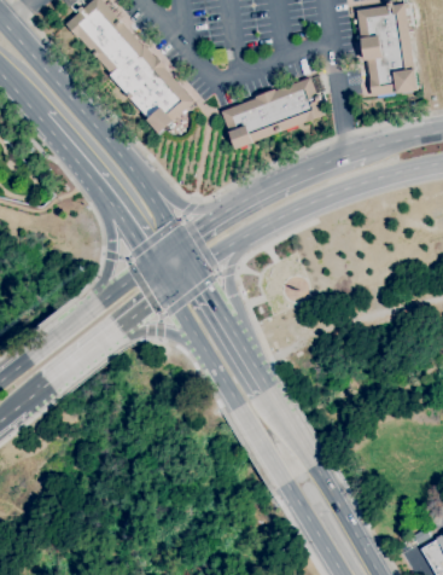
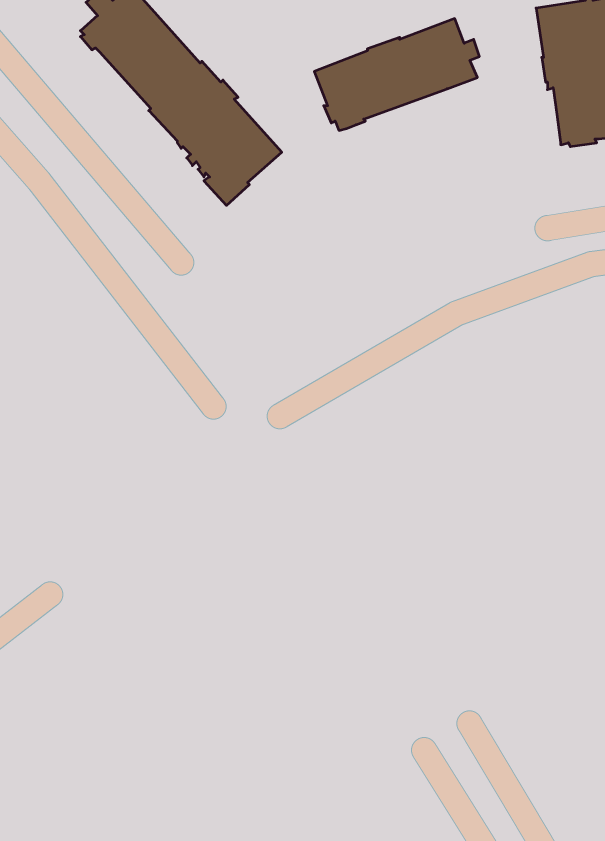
building: [221,77,326,149] -> [314,19,479,130]

